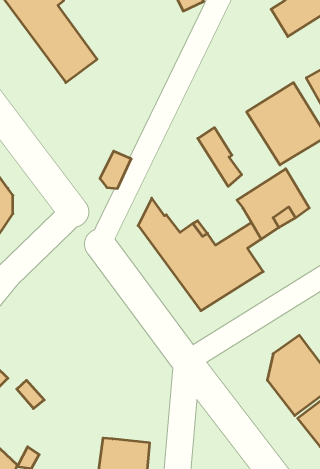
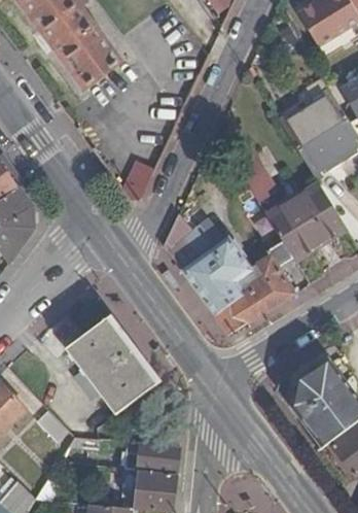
building: none -> [65,312,157,411]
building: none -> [127,440,179,472]

